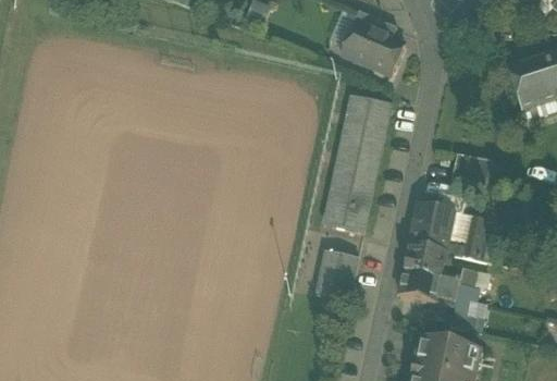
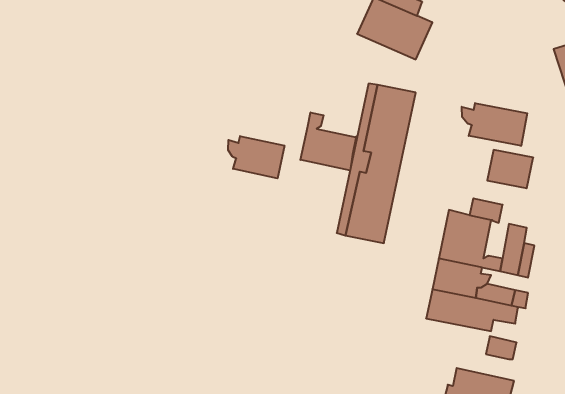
building: none -> [462,103,527,146]
building: none -> [300,112,356,171]
building: none -> [228,136,284,178]
building: [315,246,358,295] -> none

